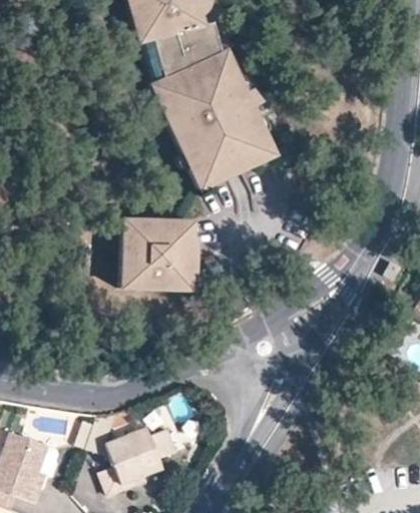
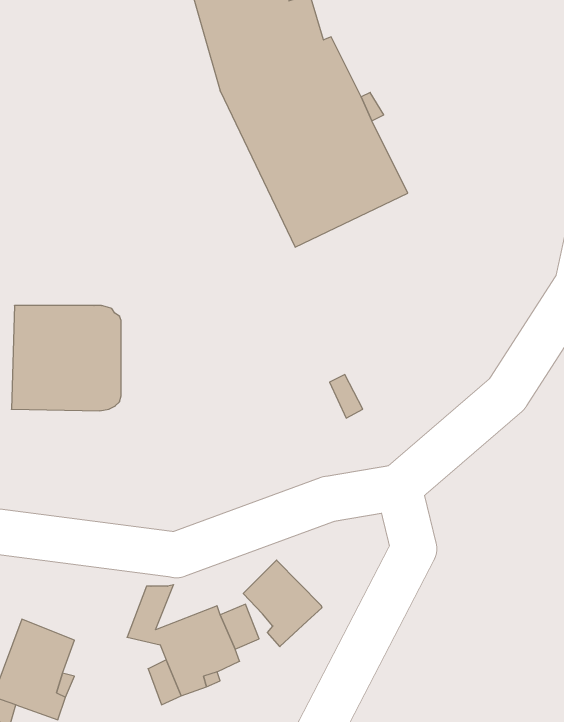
building: [123,218,196,289] -> [11,306,121,411]
building: none -> [243,560,322,647]

